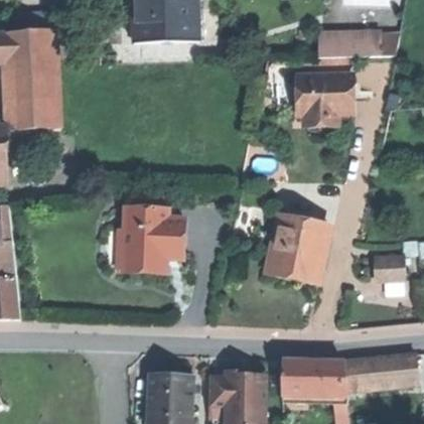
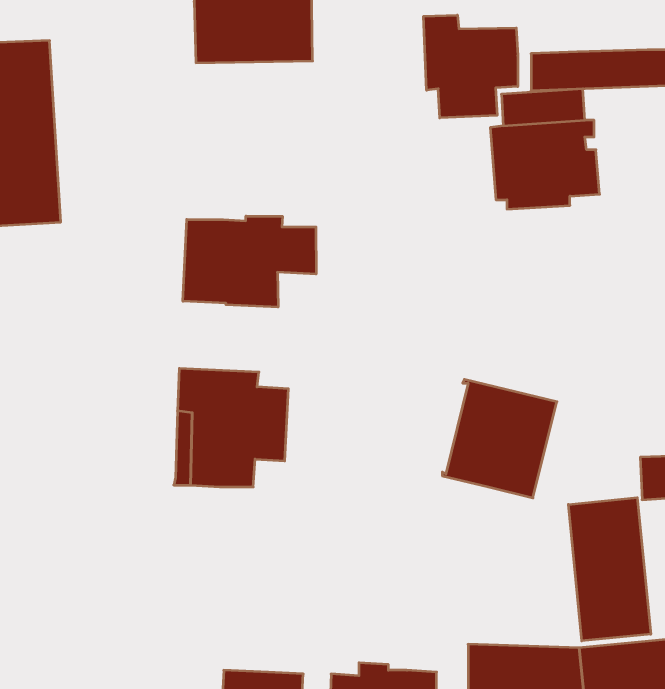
building: none -> [424,15,518,118]
building: none -> [183,216,316,307]
building: none -> [568,498,651,641]

